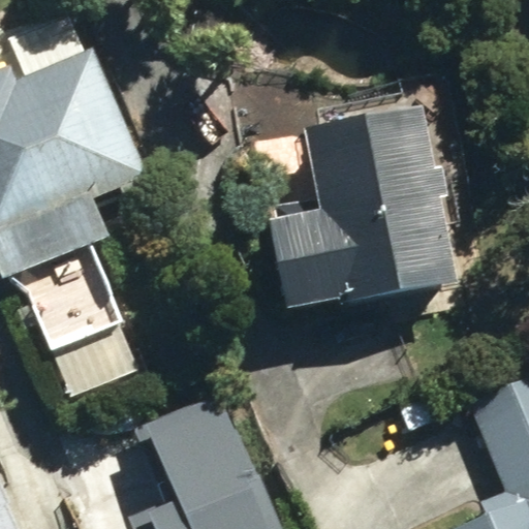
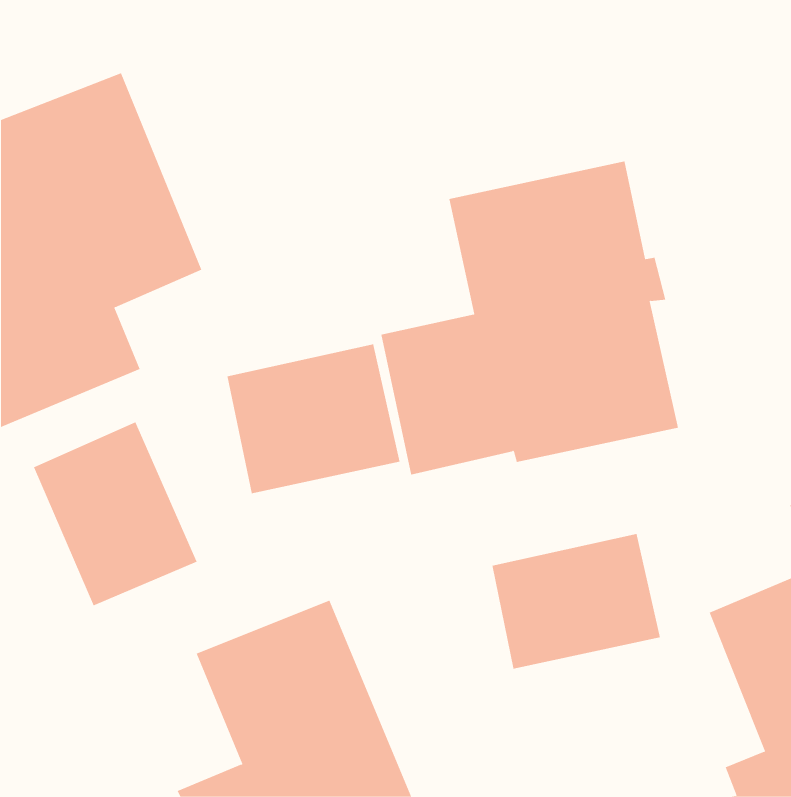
building: none -> [227,343,400,494]
building: none -> [492,533,661,669]

